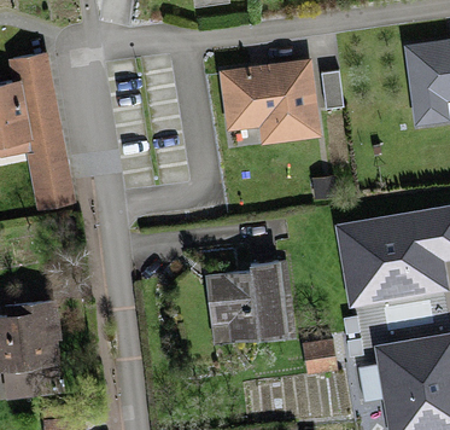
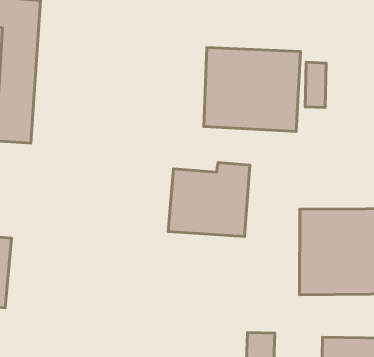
building: [206,267,286,344] -> [168,162,250,236]

